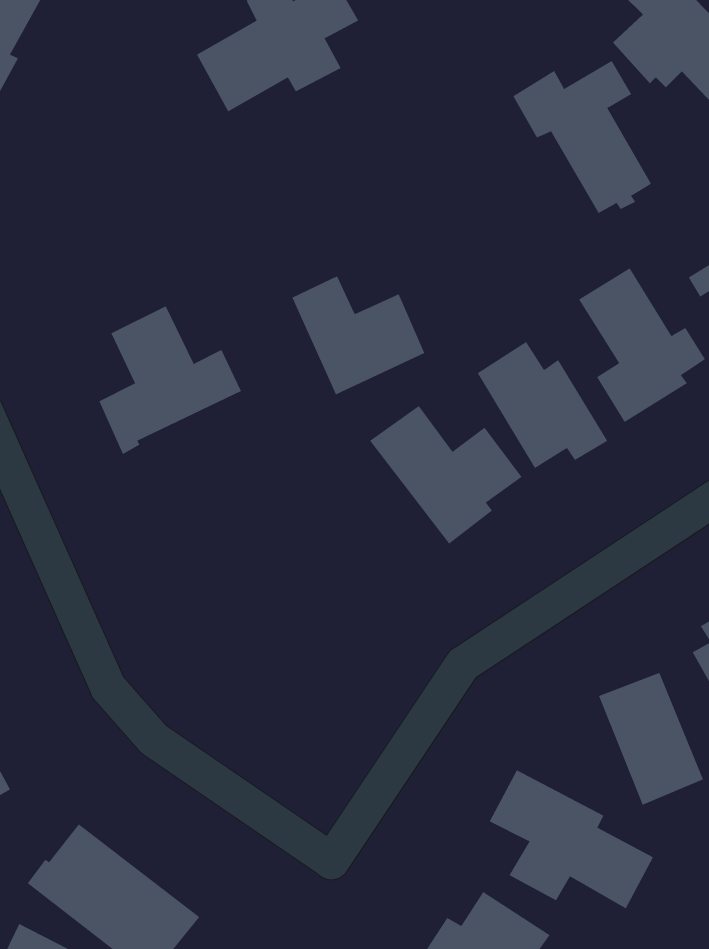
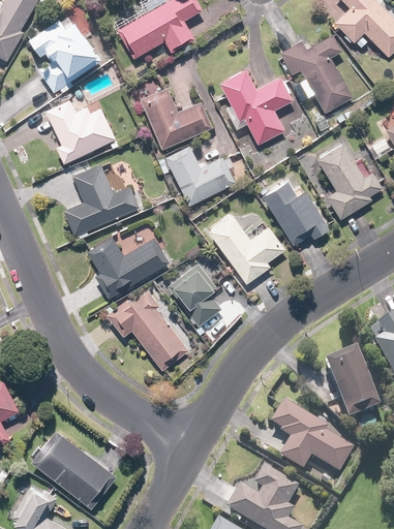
building: none -> [27,18,98,94]
building: none -> [219,68,294,145]
building: none -> [141,85,215,150]
building: none -> [46,97,116,164]
building: none -> [87,235,168,300]
building: none -> [169,262,223,326]
building: none -> [108,287,189,370]

